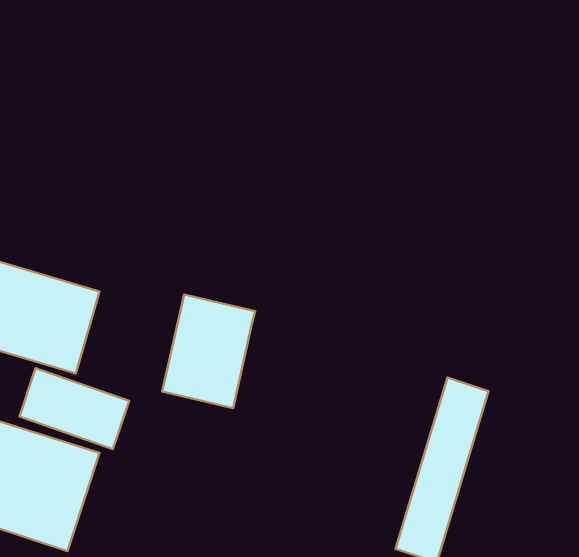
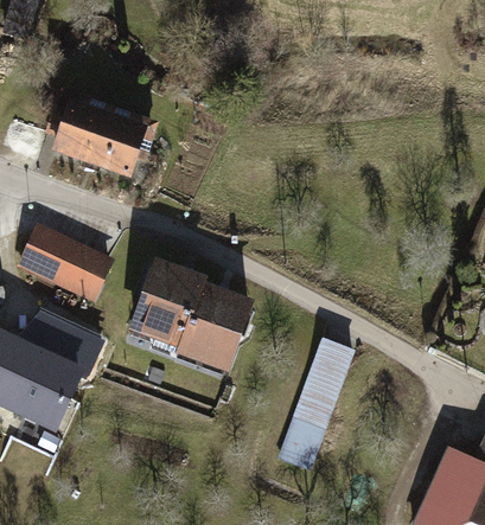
building: none -> [53,101,146,173]
building: none -> [177,288,251,372]

